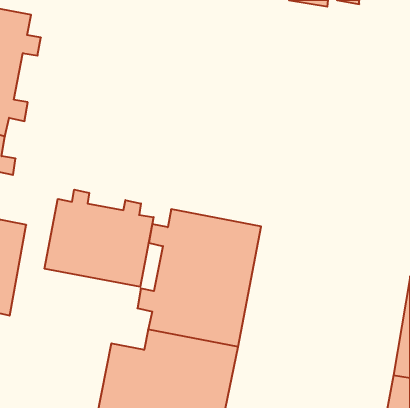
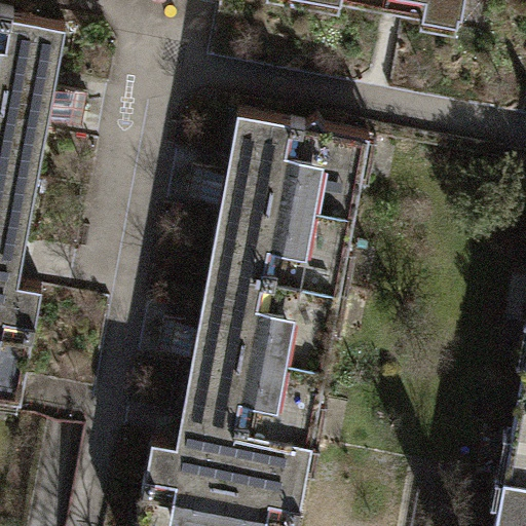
building: none -> [200,118,358,297]
building: [45,190,154,287] -> none

